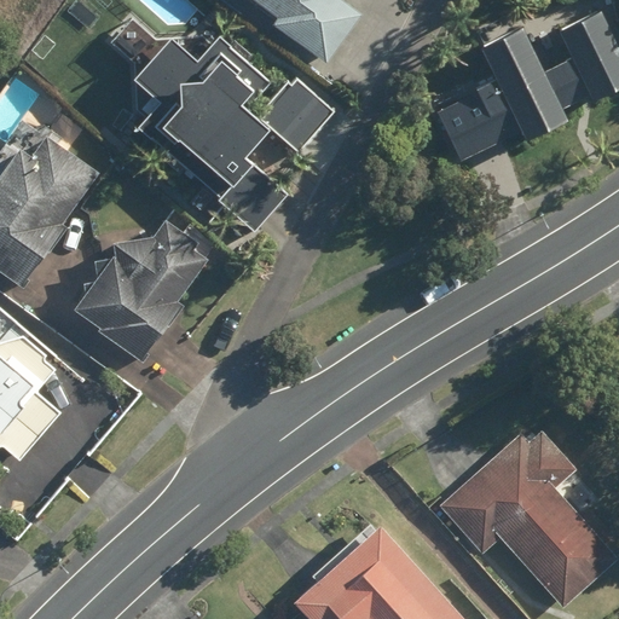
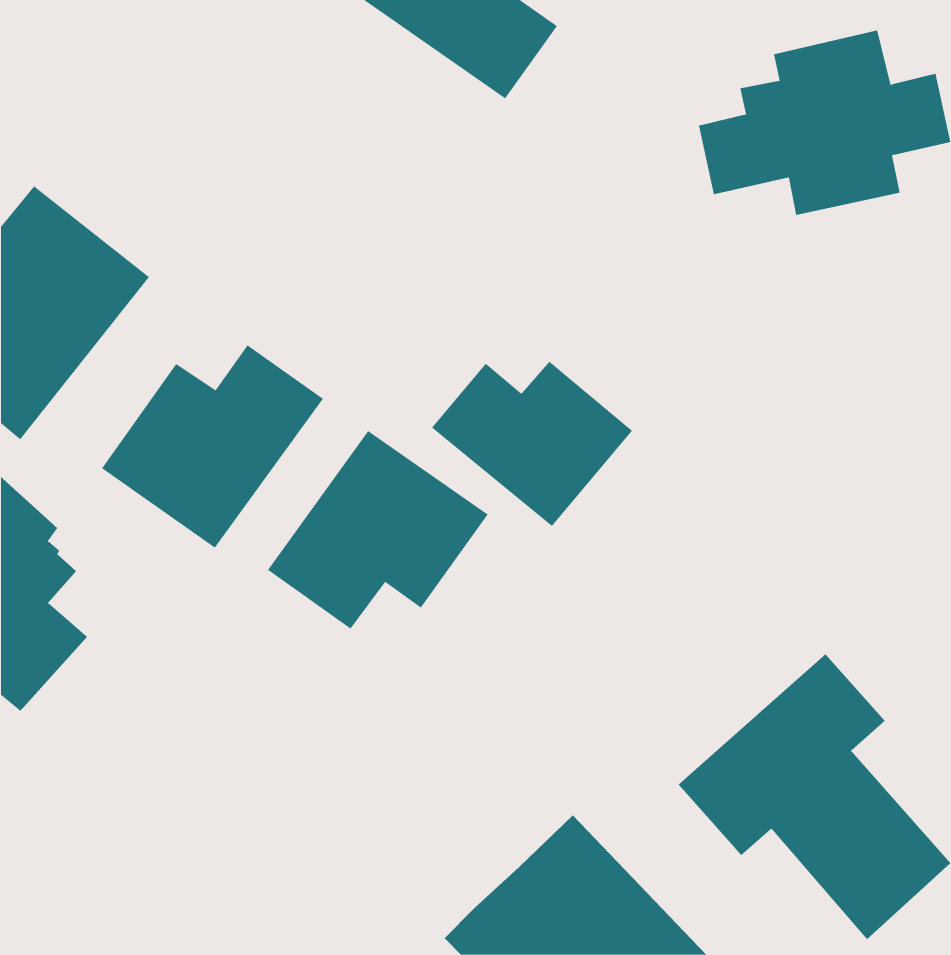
building: [123,36,334,233] -> none
building: none -> [431,361,633,527]
building: none -> [267,430,488,630]

